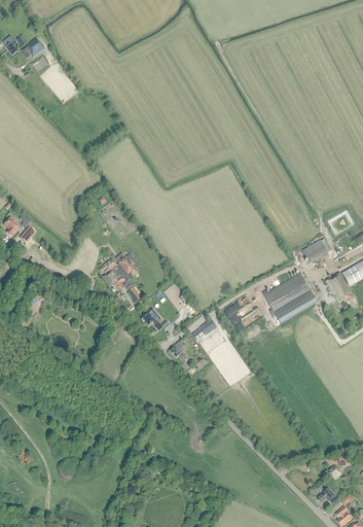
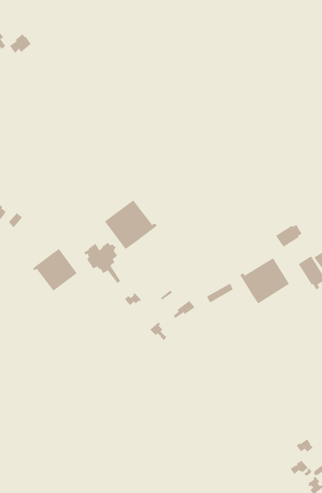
building: none -> [104,199,158,250]
building: none -> [32,248,78,292]

